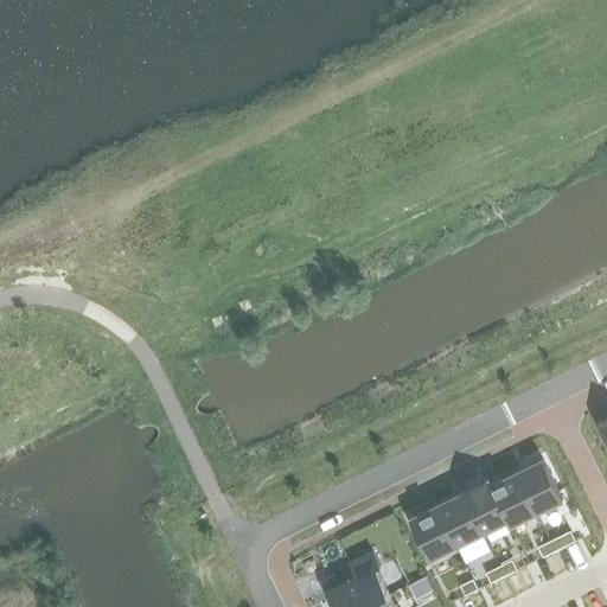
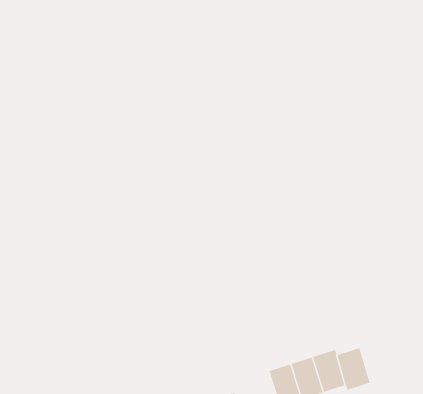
building: [516,461,562,515] -> none

